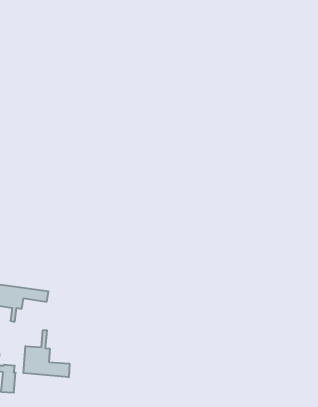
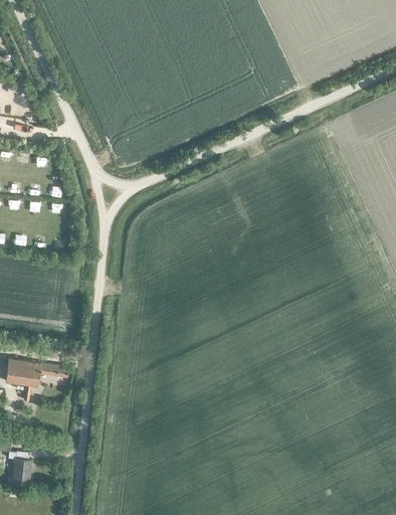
building: [24,330,70,377] -> none

